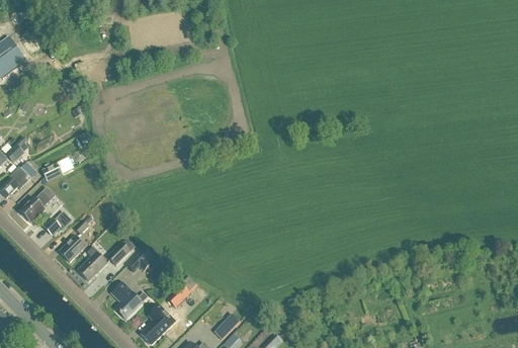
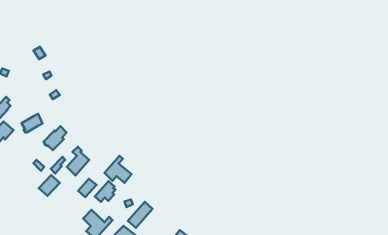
building: [19,193,49,223] -> [44,126,67,150]
building: none -> [104,156,131,183]
building: [78,246,106,281] -> [67,147,89,175]

